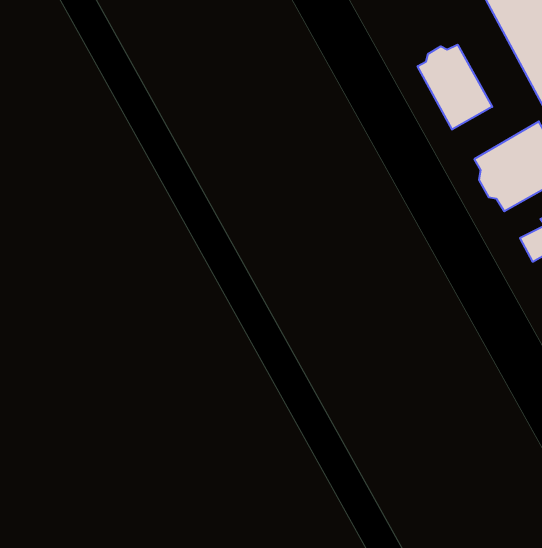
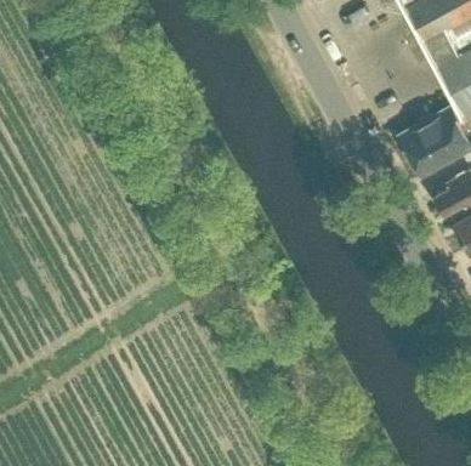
building: [418,45,492,130] -> none

